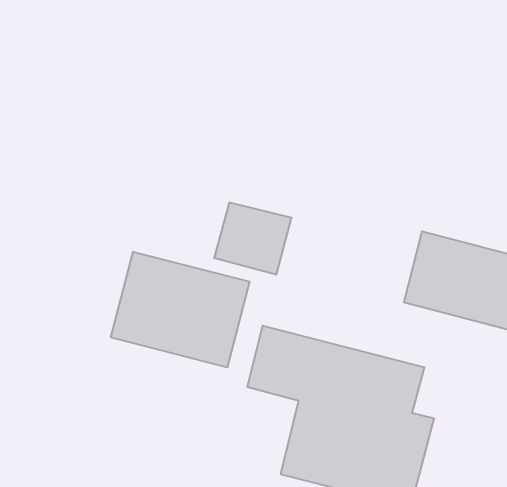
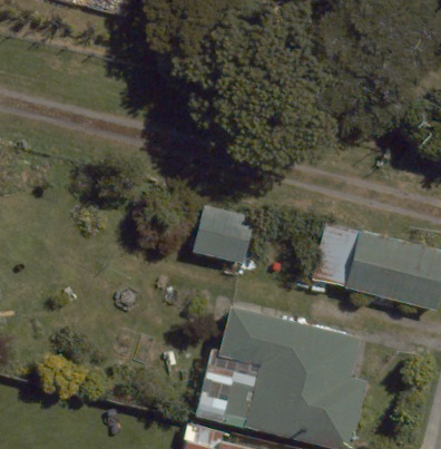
building: [111,252,250,367] -> none

